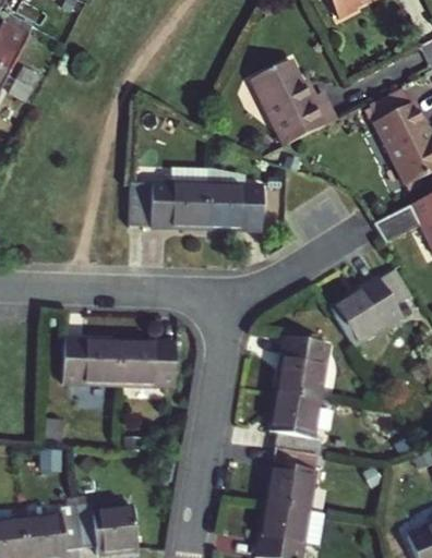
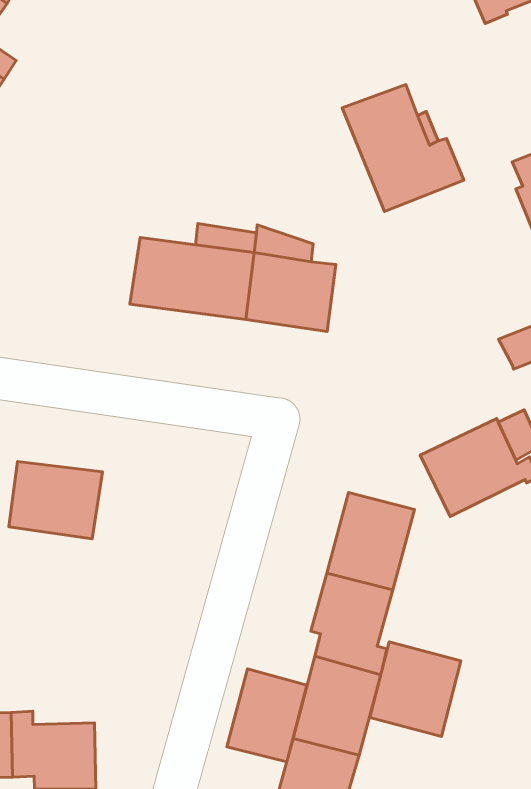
building: [119,340,176,386] -> none
building: none -> [370,642,461,737]
building: none -> [227,669,307,762]

